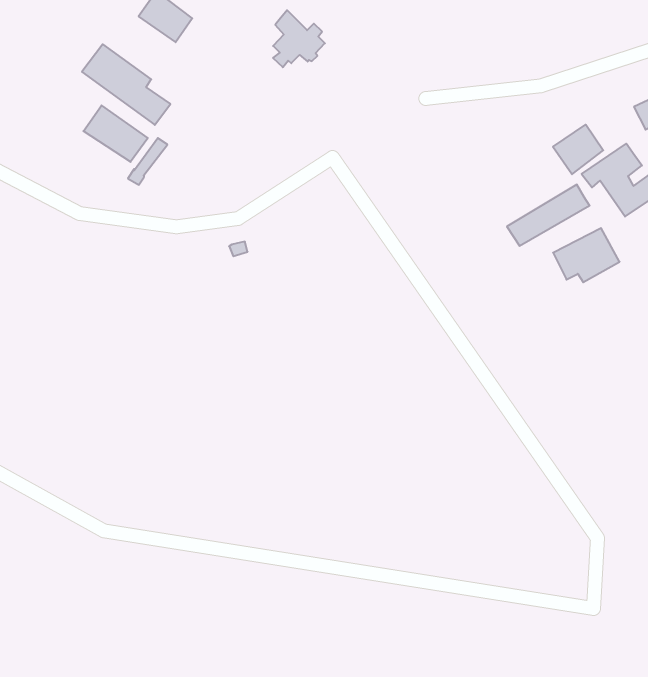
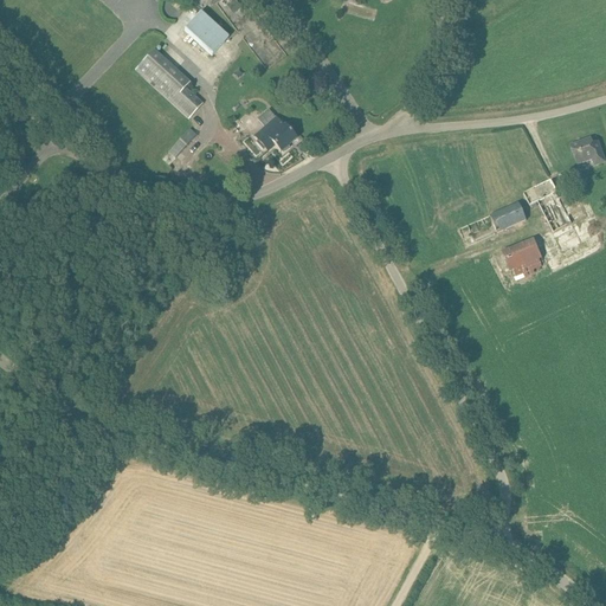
building: [273,10,325,67] -> [253,107,296,152]
building: [83,105,148,162] -> none
building: [553,125,603,174] -> none

